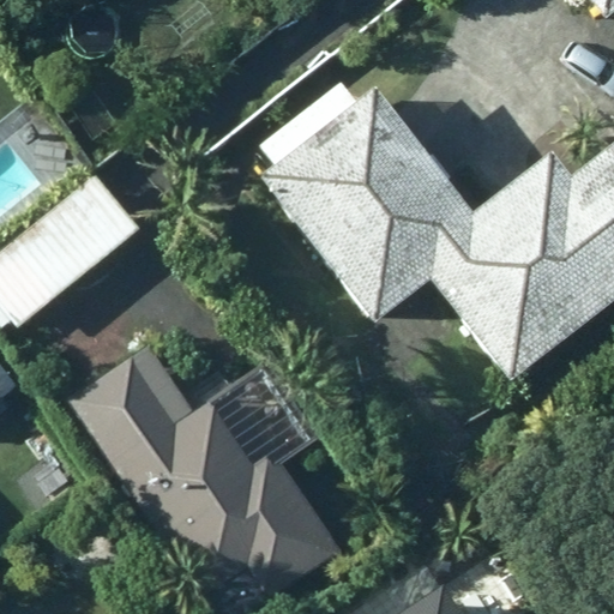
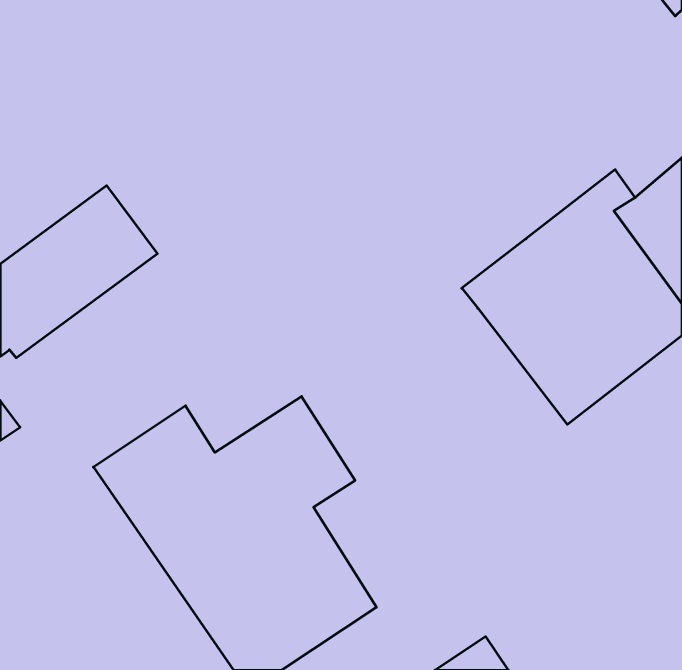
building: [257,84,472,323] -> none

